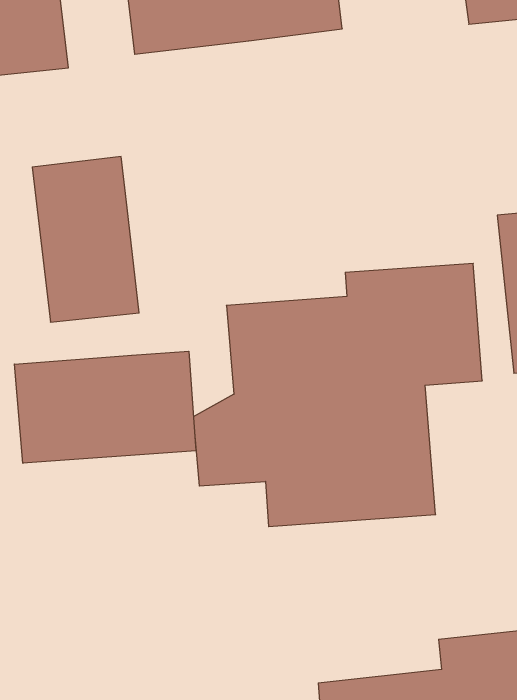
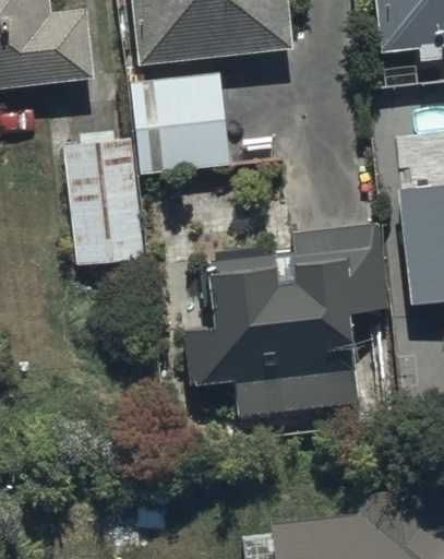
building: none -> [130,61,236,181]
building: [14,351,196,463] -> none

